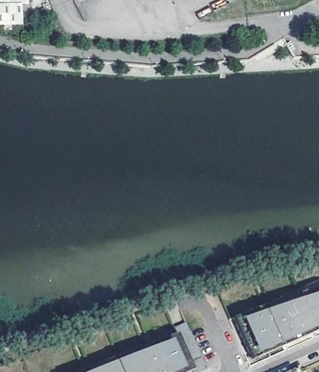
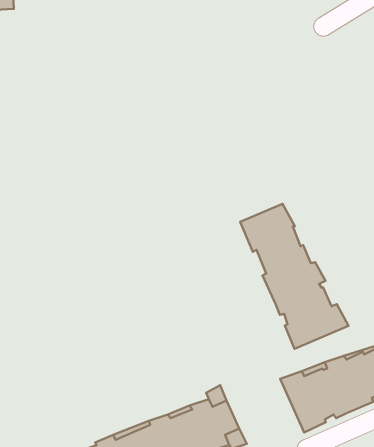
building: none -> [240,204,348,349]

